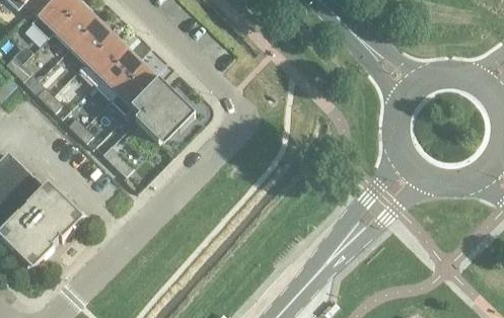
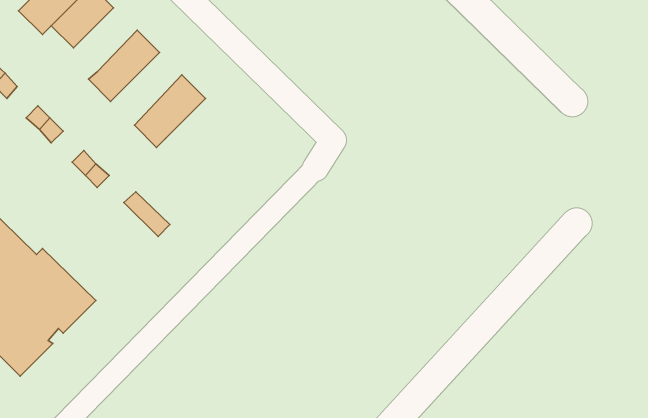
building: [69,19,113,63] -> none
building: [94,50,143,99] -> none
building: [132,81,190,143] -> none

